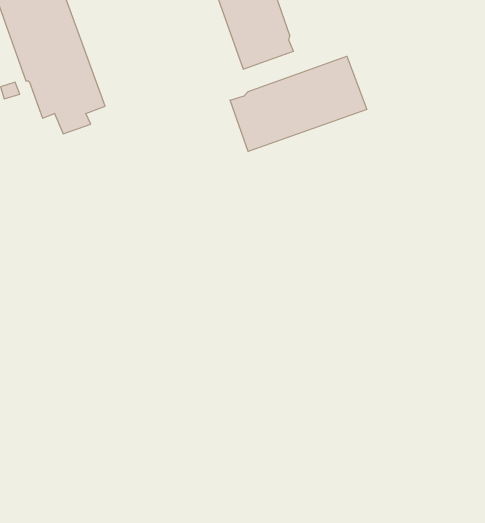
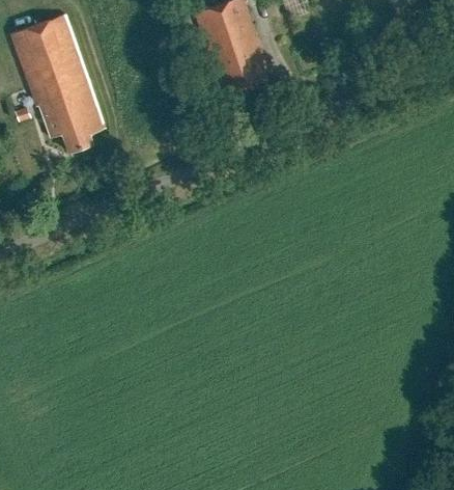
building: [230,56,367,151] -> none

